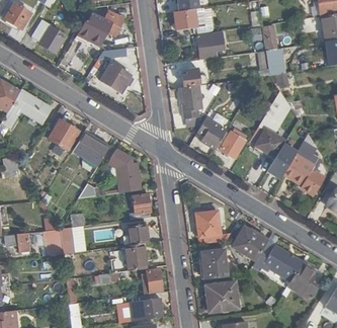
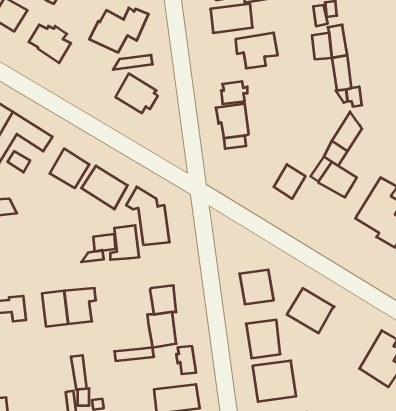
building: [196,116,227,150] -> none
building: [129,193,151,220] -> [110,225,139,260]
building: [252,242,302,280] -> none

